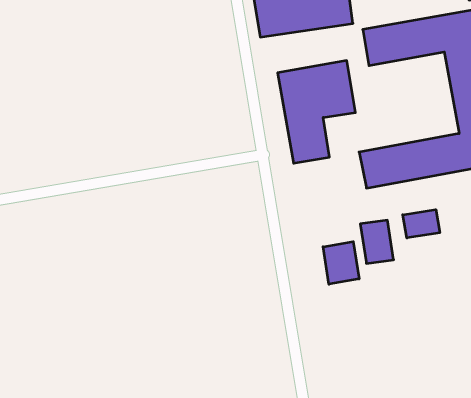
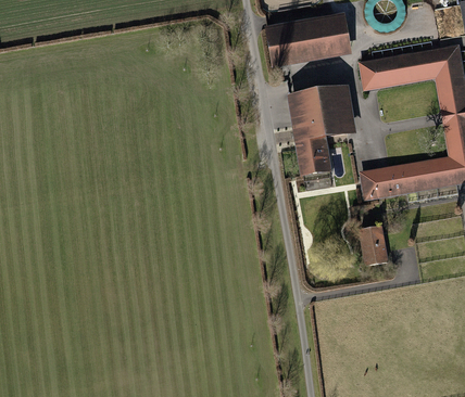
building: [403,210,440,238] -> none
building: [323,242,359,284] -> none

